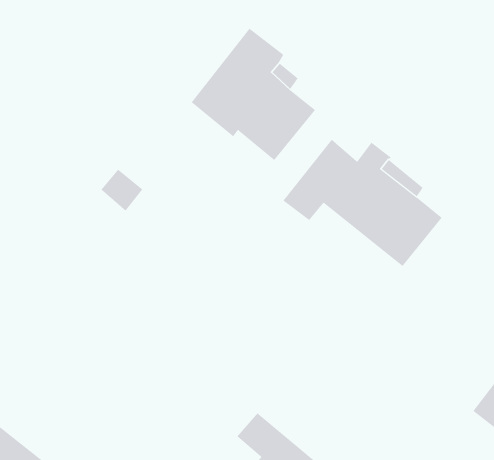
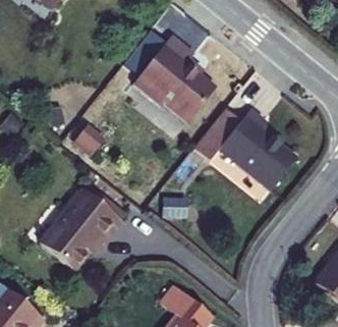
building: none -> [39,188,121,270]

